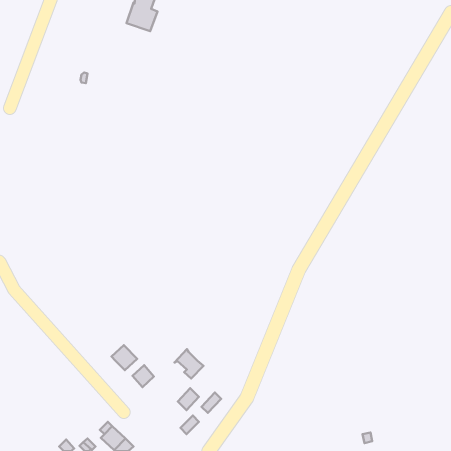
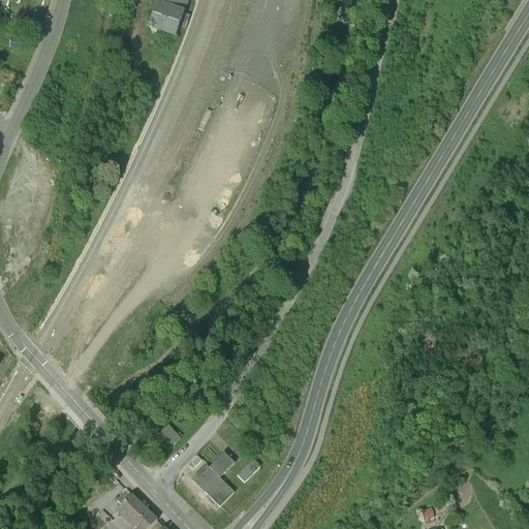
building: [111,345,137,370] -> none
building: [174,349,204,378] -> [191,465,225,499]

